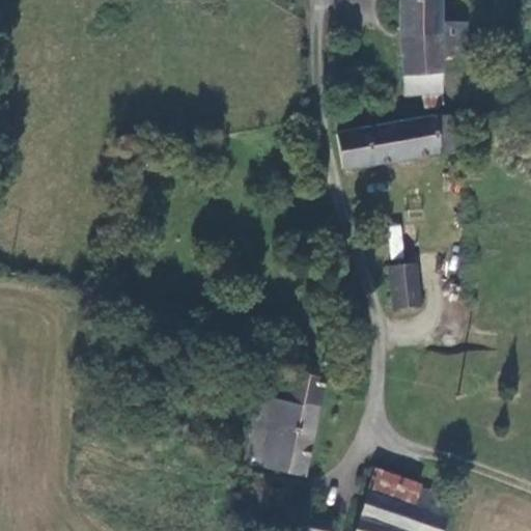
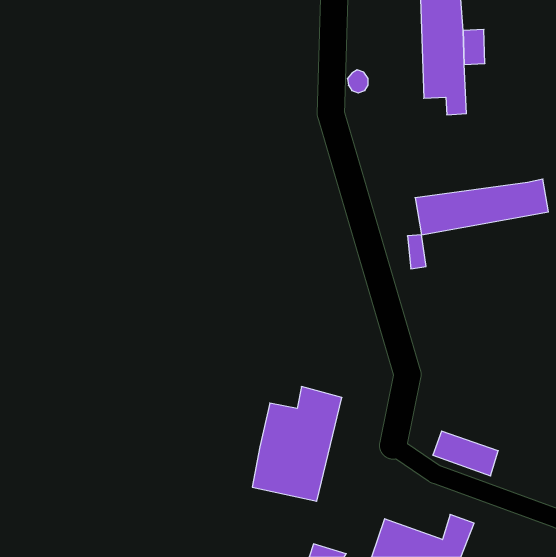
building: [338,115,465,168] -> [415,179,548,235]
building: [391,269,416,307] -> none
building: [367,470,429,512] -> [433,431,498,476]

